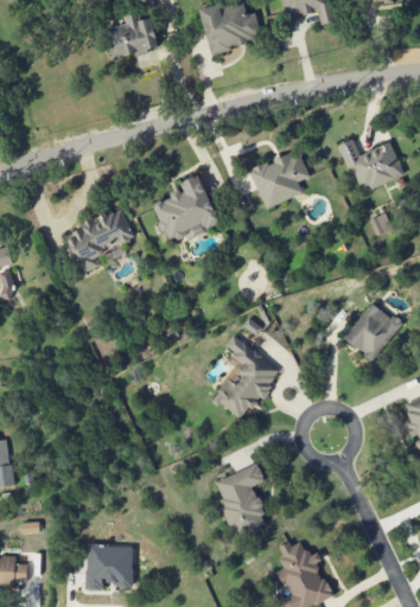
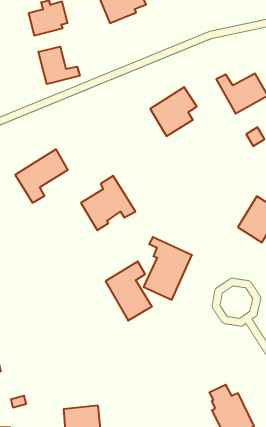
building: none -> [38,47,80,84]
building: [152,174,221,242] -> [81,176,135,230]
building: [212,462,268,537] -> [106,261,152,321]

